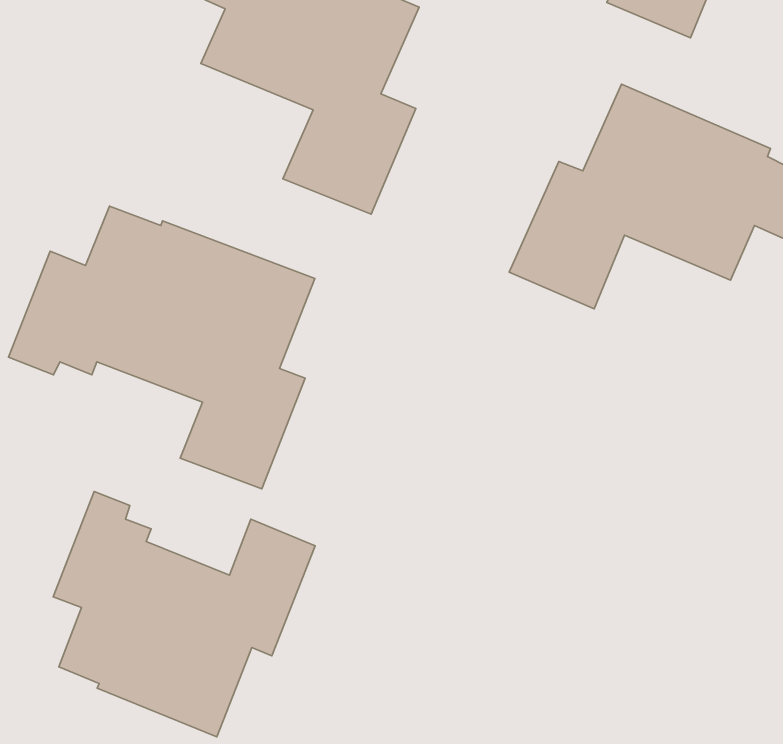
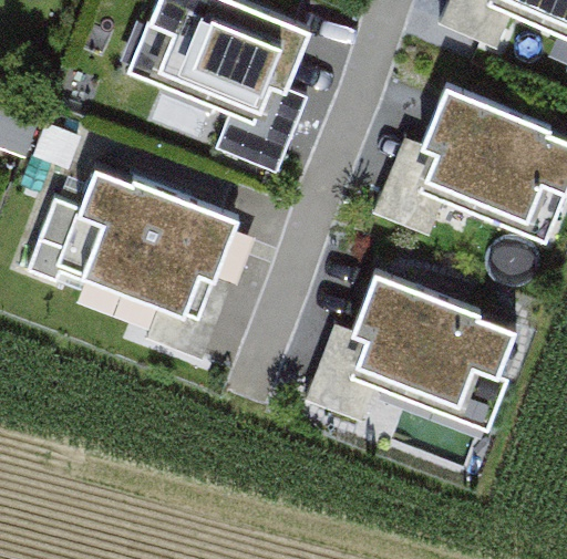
building: none -> [306,271,516,426]
building: [53,491,315,737] -> none

